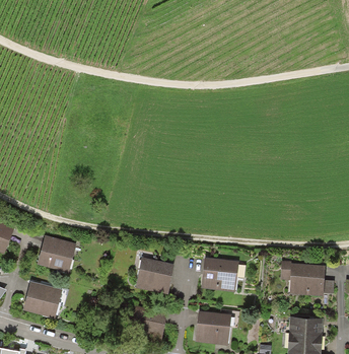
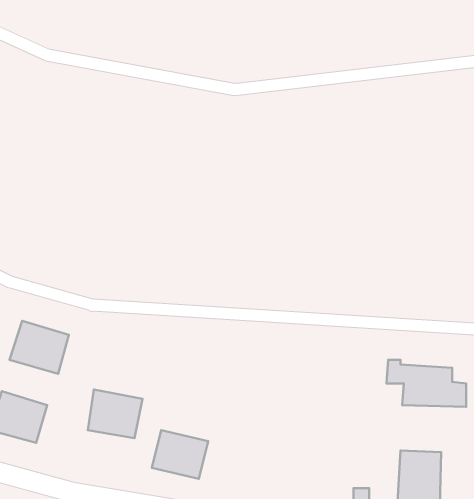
building: [138,258,173,289] -> [88,390,142,438]
building: [203,259,239,290] -> none
building: [195,313,227,341] -> none

